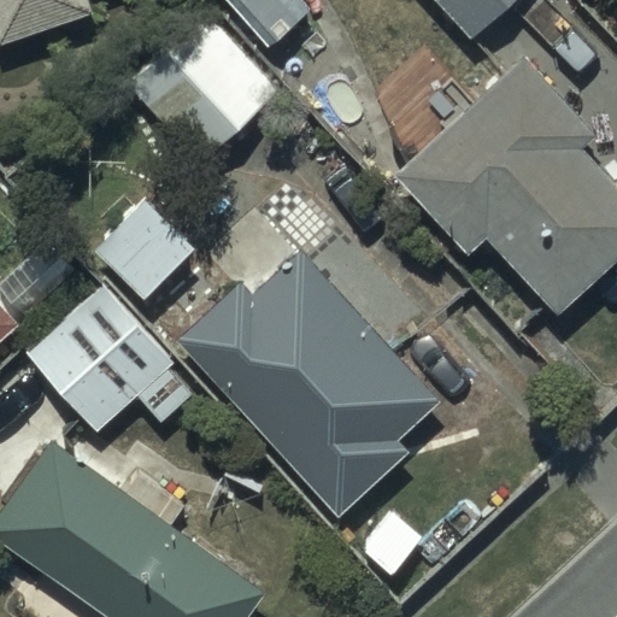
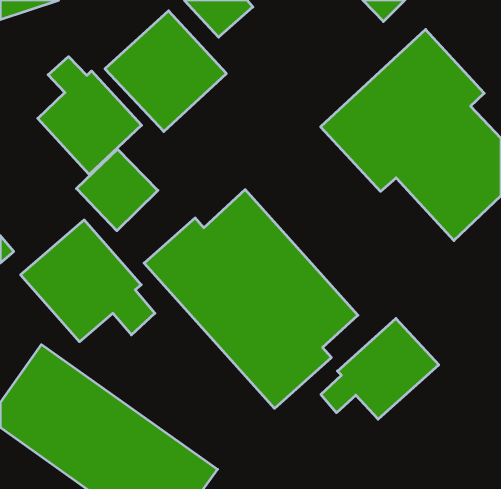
building: none -> [38,57,142,175]
building: none -> [321,318,439,419]

